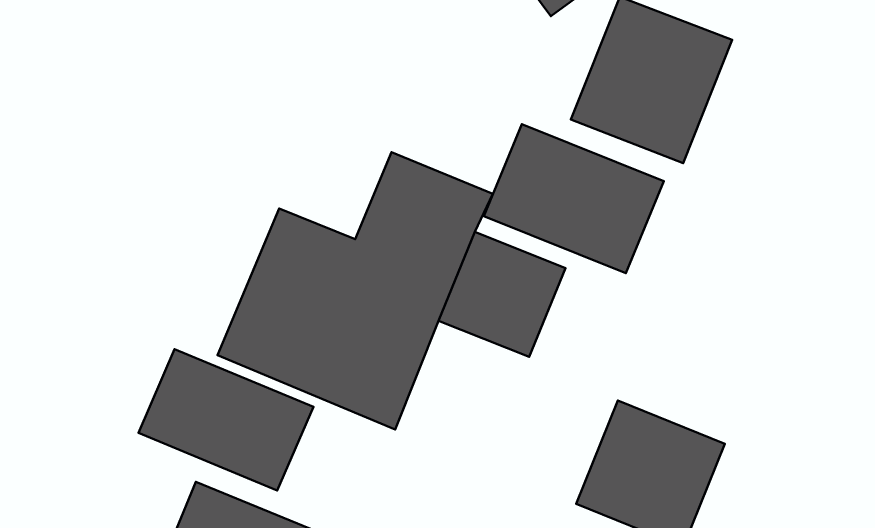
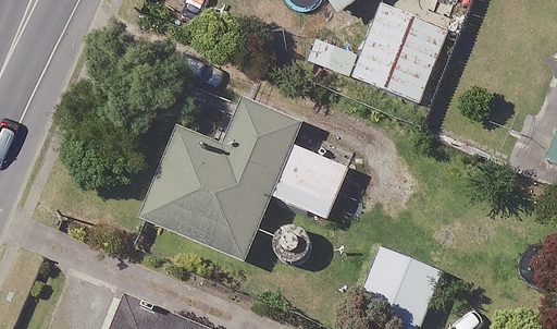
building: [484,124,664,273] -> none
building: [139,349,313,491] -> none

